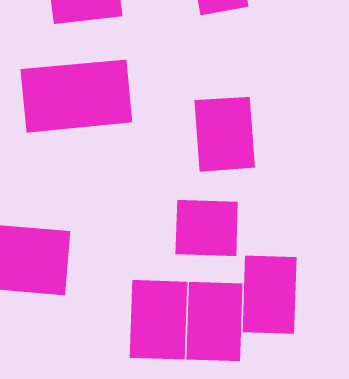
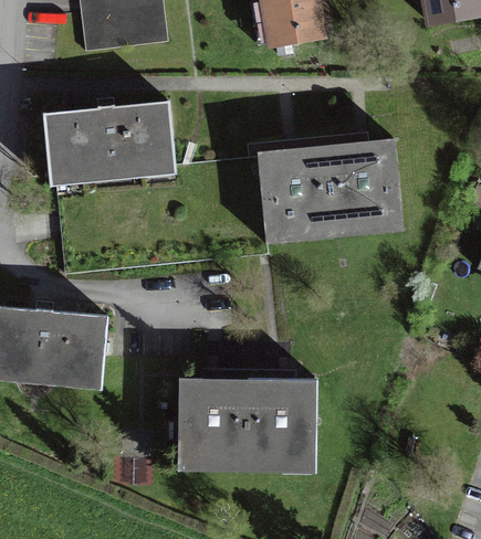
building: none -> [328,138,405,233]
building: [174,199,238,257] -> none
building: [242,255,297,335] -> none

